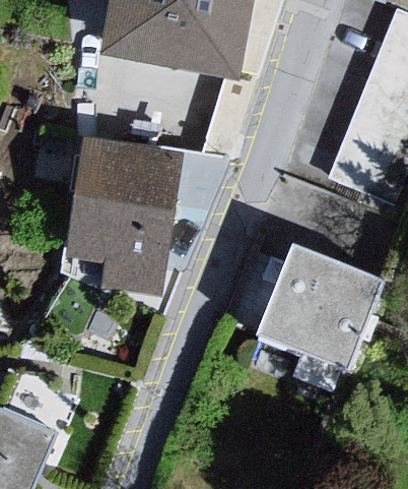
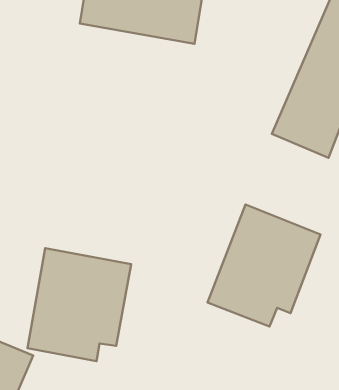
building: [72,136,183,292] -> none
building: none -> [28,248,131,361]

